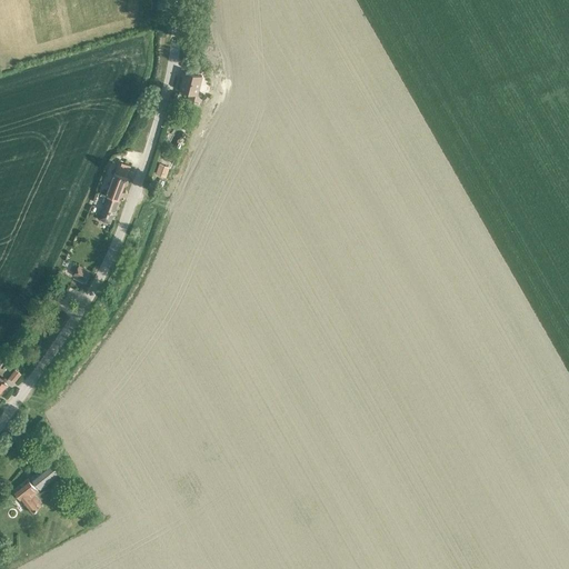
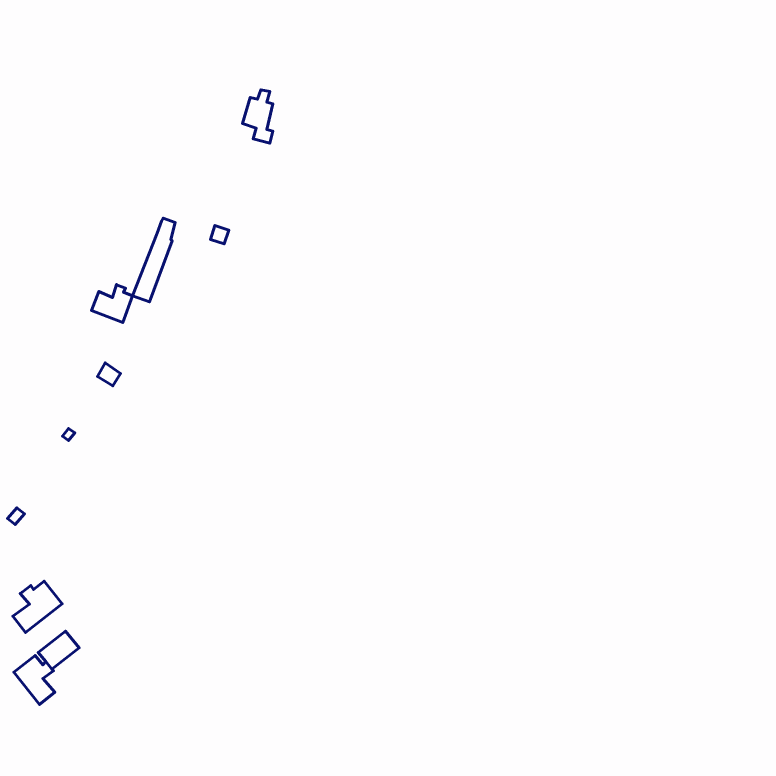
building: none -> [92,285,133,322]
building: none -> [13,581,62,632]

